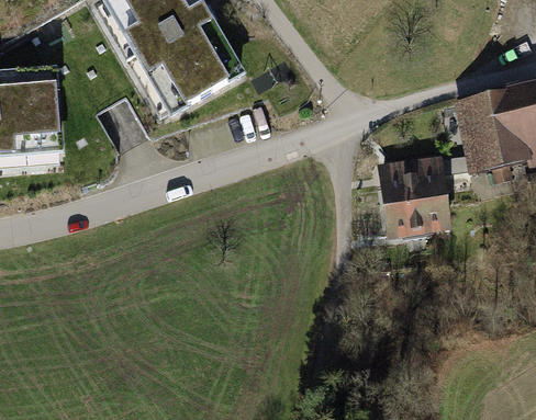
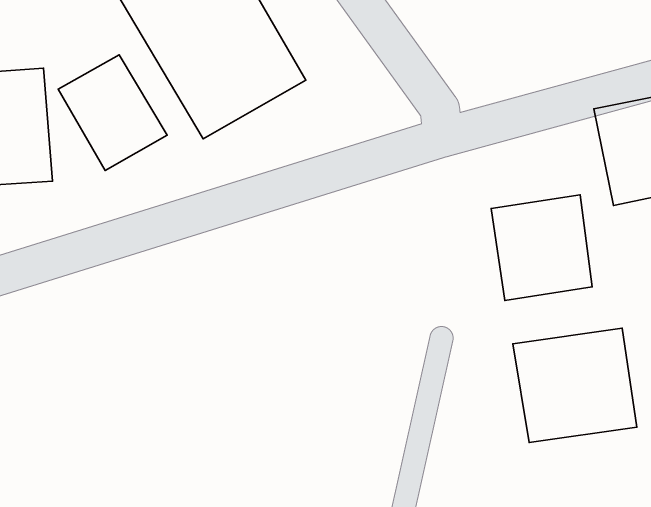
building: none -> [58,55,167,171]
building: none -> [513,328,637,442]

